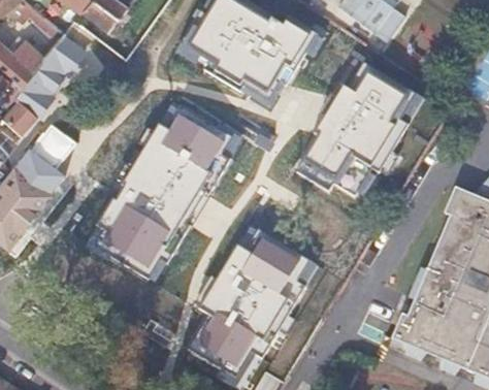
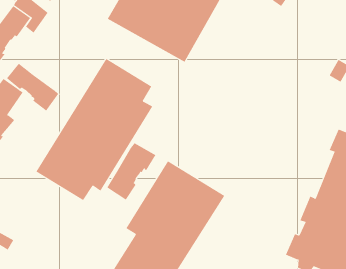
building: [294,62,422,198] -> none
building: none -> [6,63,59,112]
building: none -> [106,142,156,201]

